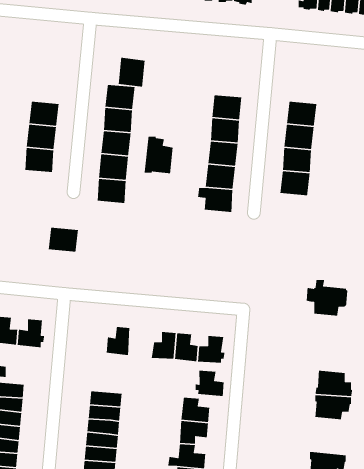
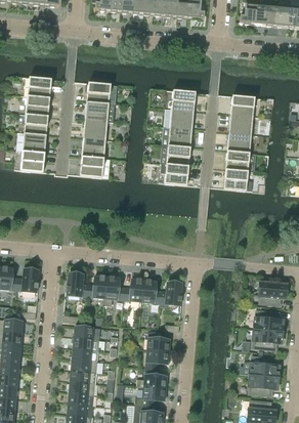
building: [118,57,145,88] -> none
building: none -> [28,77,51,97]
building: [143,136,173,174] -> none
building: none -> [223,169,252,191]
building: [48,227,79,253] -> [20,151,45,171]
building: [306,279,348,317] -> [253,276,287,305]
building: none -> [66,272,88,296]
building: none -> [103,276,125,305]
building: [195,370,225,397] -> none
building: none -> [240,355,280,377]

